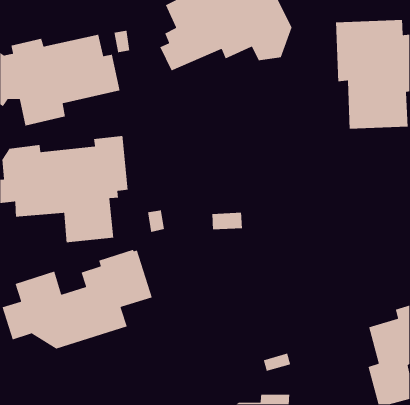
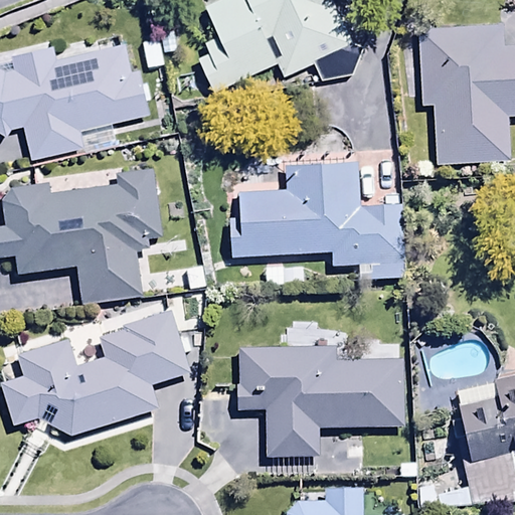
building: none -> [228,162,405,278]
building: none -> [238,346,405,457]

